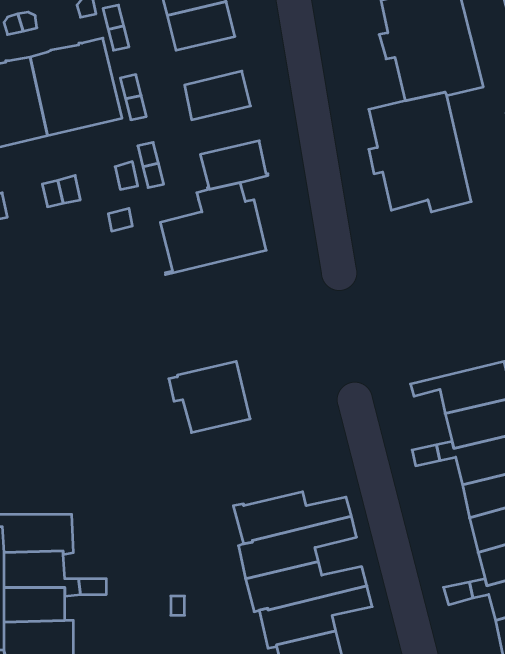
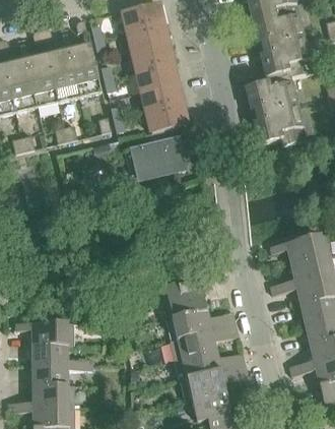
building: none -> [133,43,172,71]
building: none -> [142,83,182,112]
building: [169,361,250,433] -> [159,275,207,317]

